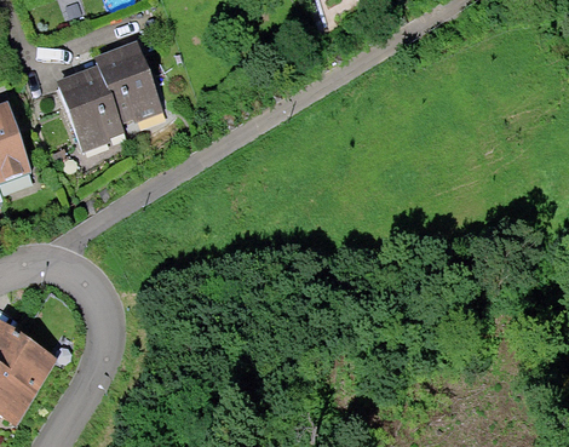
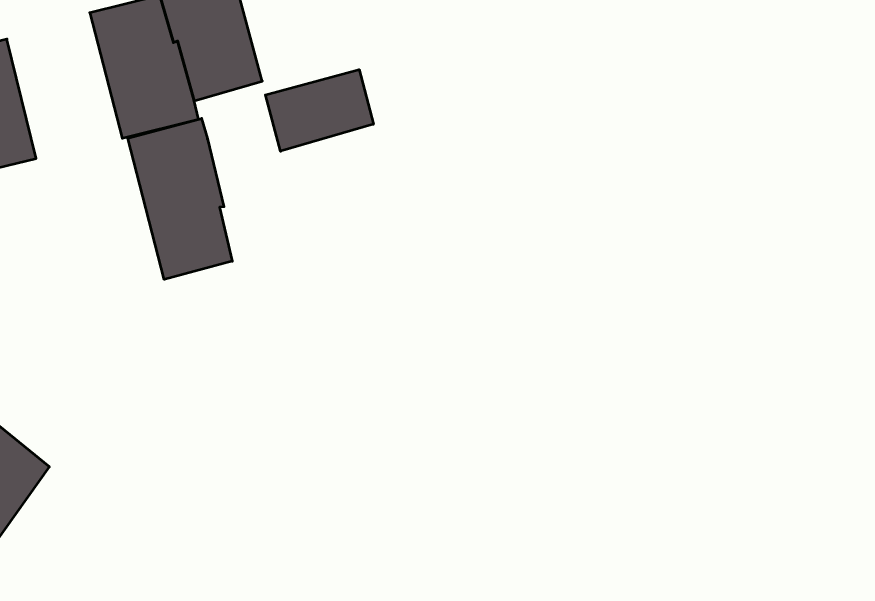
building: none -> [265,70,373,151]
building: none -> [128,118,232,279]

